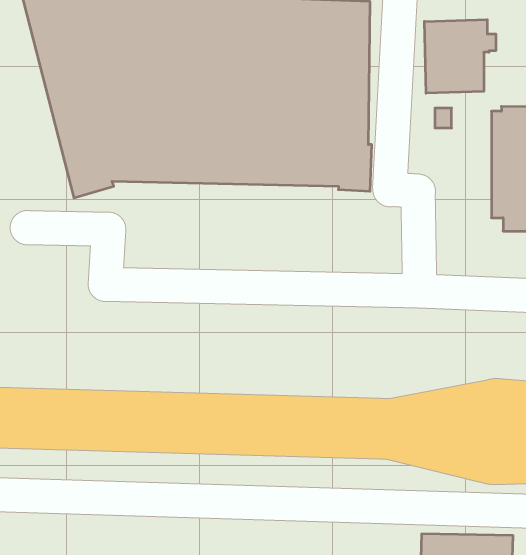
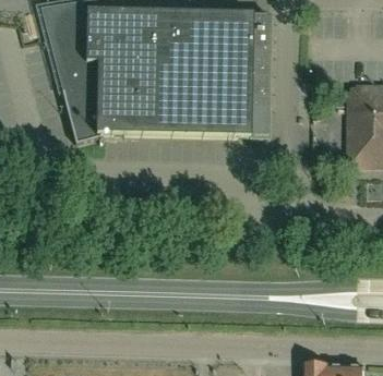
building: [424,20,496,93] -> none

